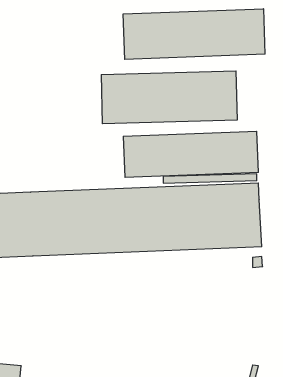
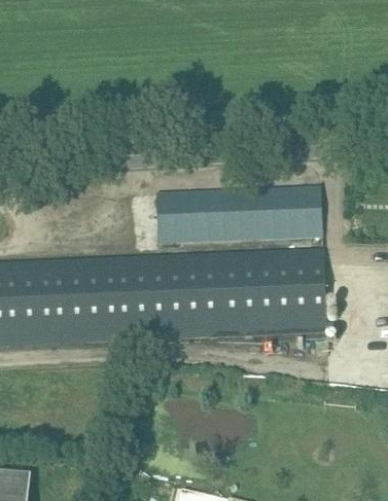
building: [123,9,265,59] -> none
building: [101,71,237,124] -> none

